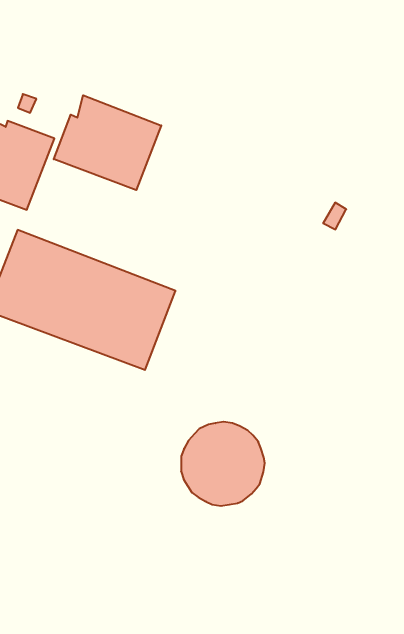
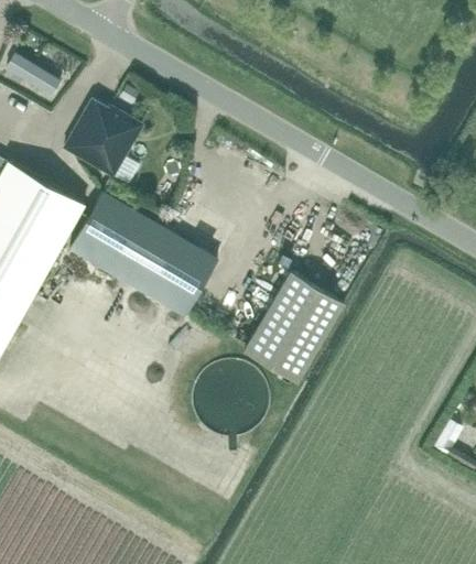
building: [54,95,161,190] -> none
building: none -> [242,271,345,383]

